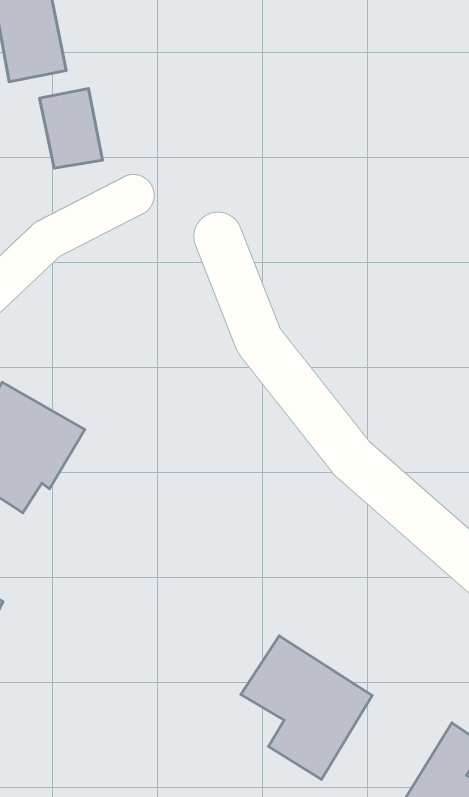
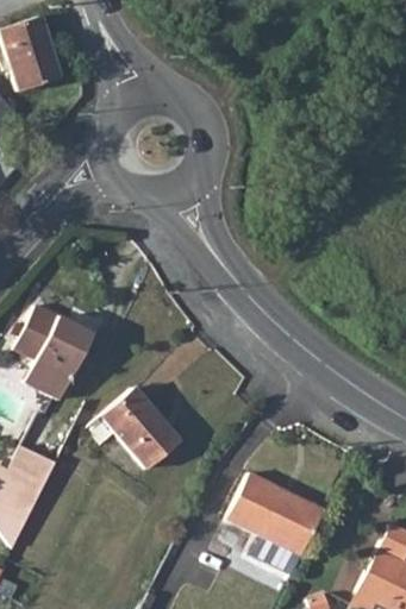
building: [40,89,102,168] -> none
building: none -> [100,387,179,467]

